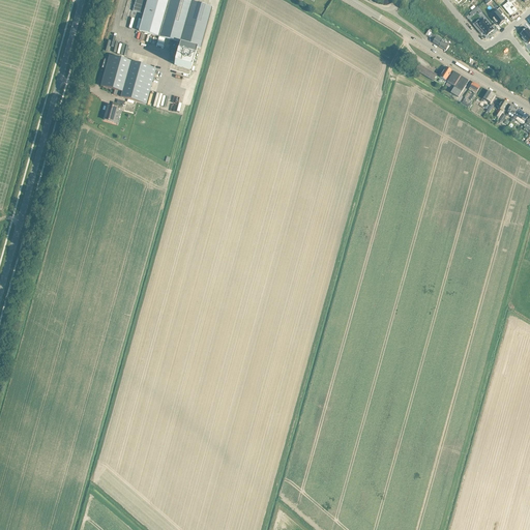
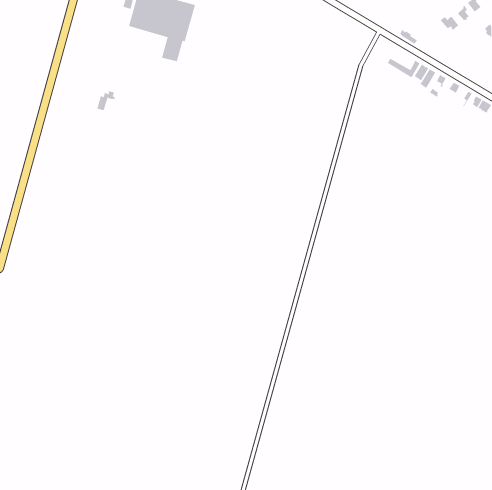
building: [100,53,155,101] -> none

